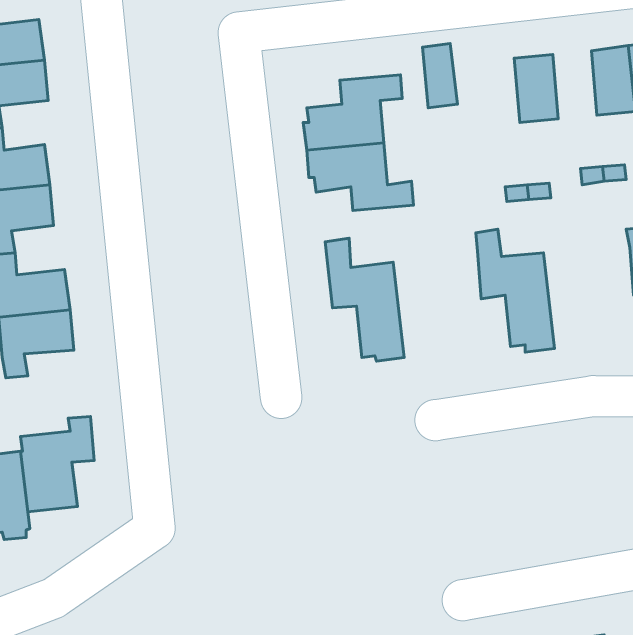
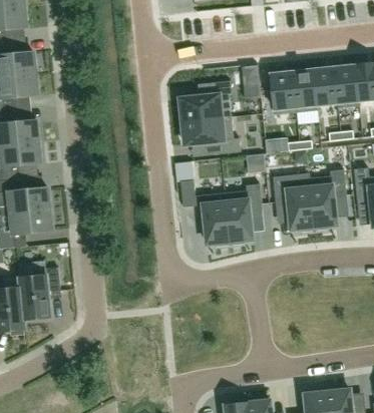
building: none -> [313,68,337,105]
building: none -> [270,72,295,110]
building: none -> [226,164,263,236]
building: none -> [308,169,346,231]

